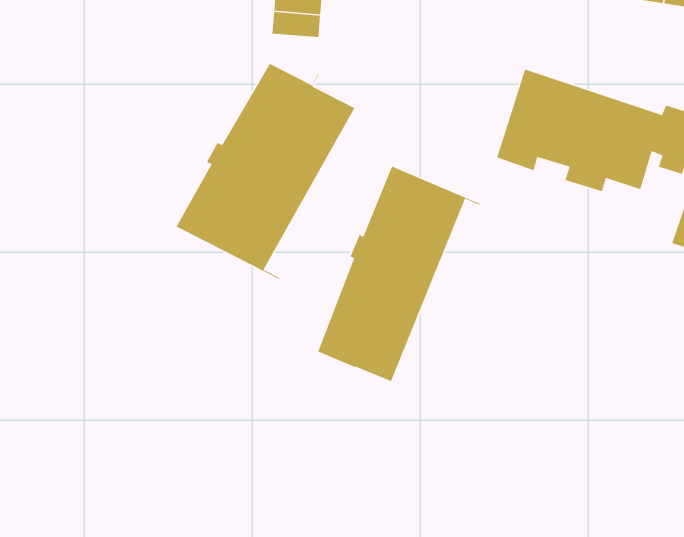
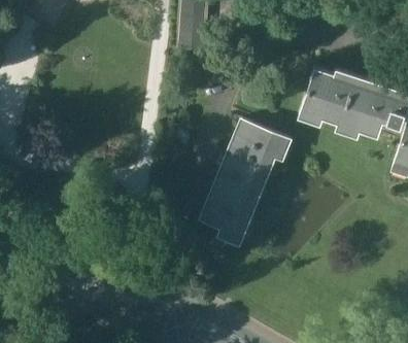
building: [175,63,355,280] -> none

